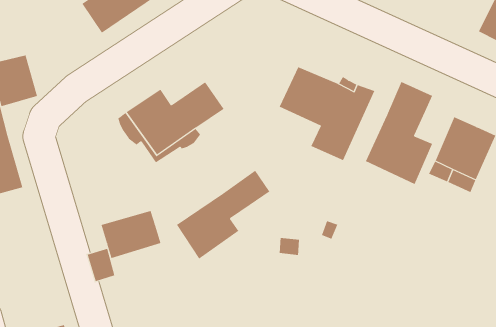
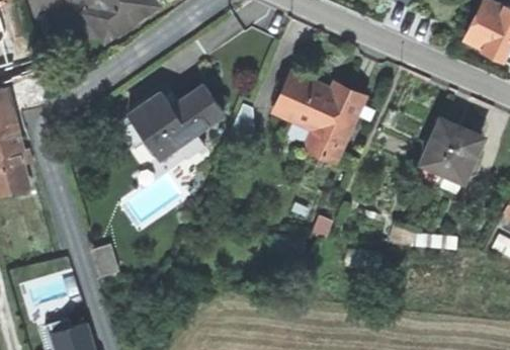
building: [365,81,433,185] -> none
building: [176,170,270,259] -> none
building: [101,210,161,259] -> none

